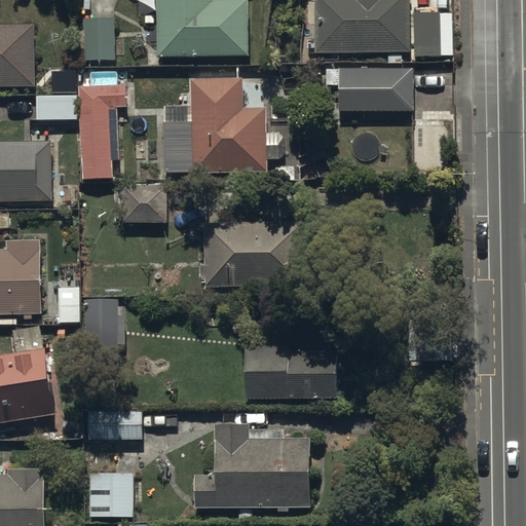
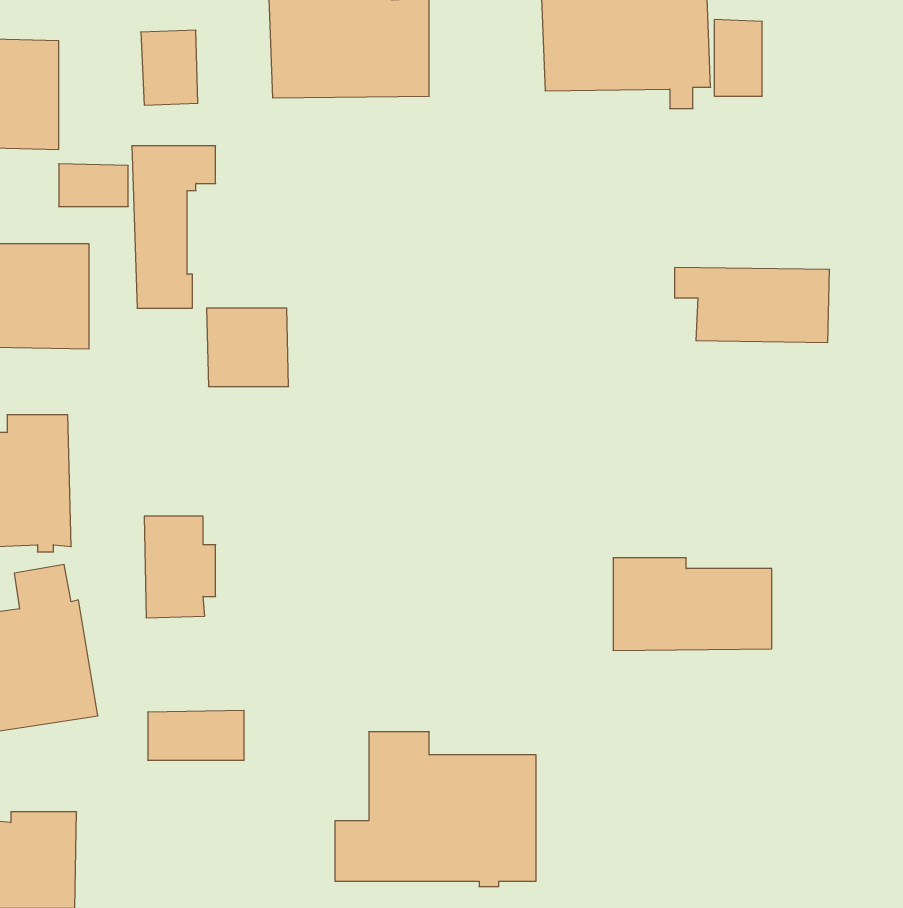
building: [324,68,413,111] -> [675,268,830,342]
building: [163,78,283,173] -> none
building: [204,222,309,286] -> none
building: [246,345,337,399] -> [613,558,772,650]
building: [86,472,133,519] -> none

